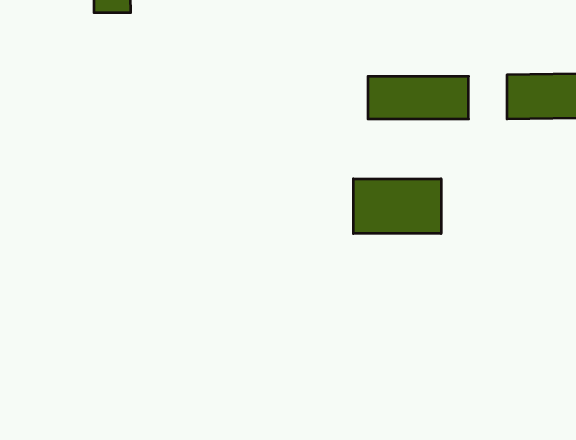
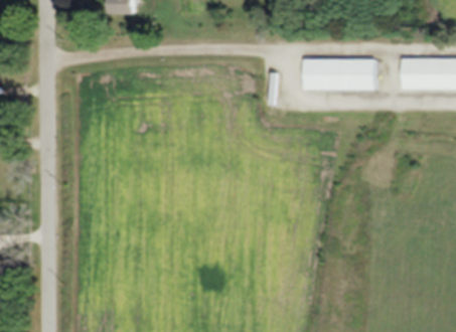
building: [353,179,441,234] -> none

